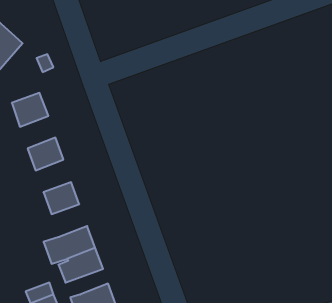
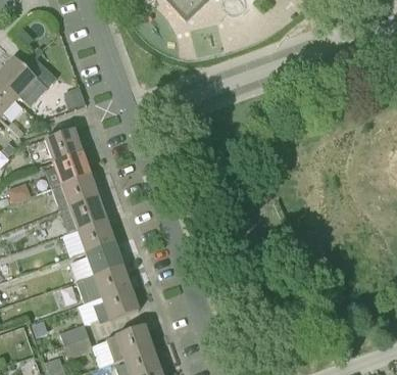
building: none -> [45,152,90,189]
building: none -> [69,197,106,231]
building: none -> [86,243,122,277]

